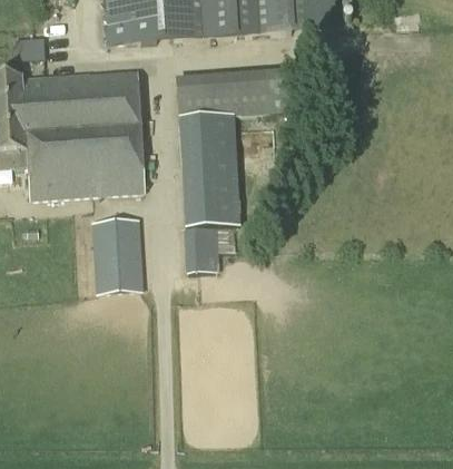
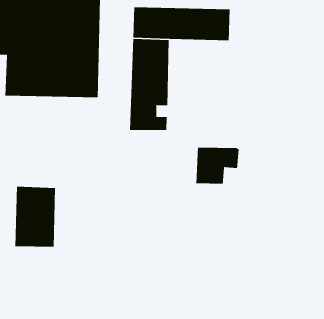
building: [91,217,144,293] -> [15,186,56,247]
building: [183,224,234,272] -> [196,147,240,184]

